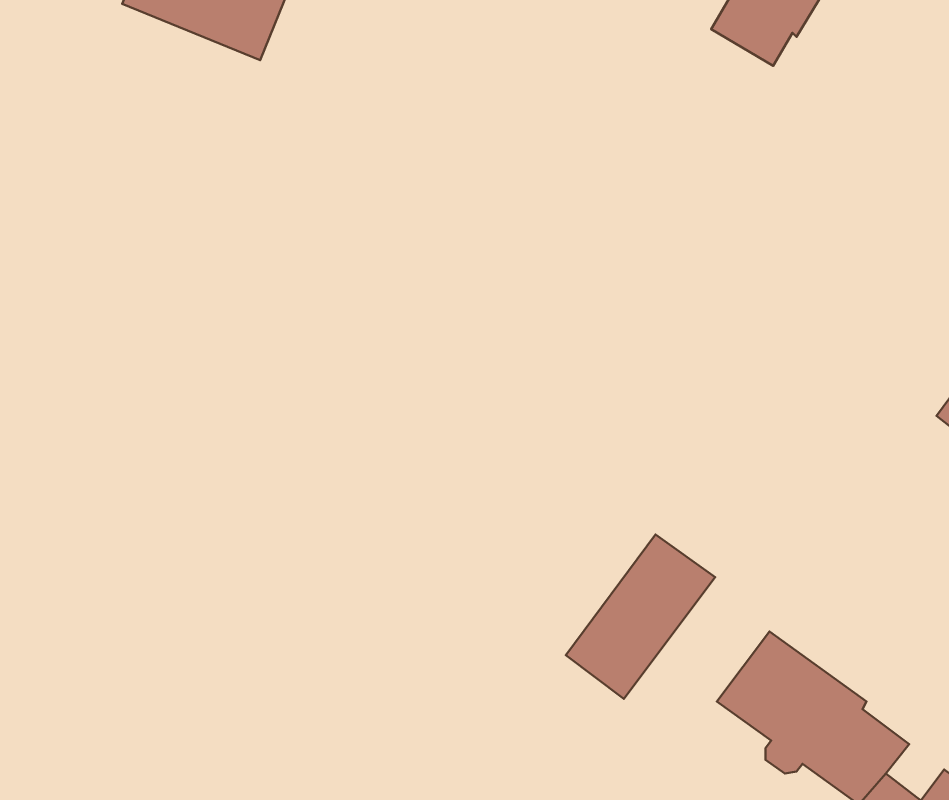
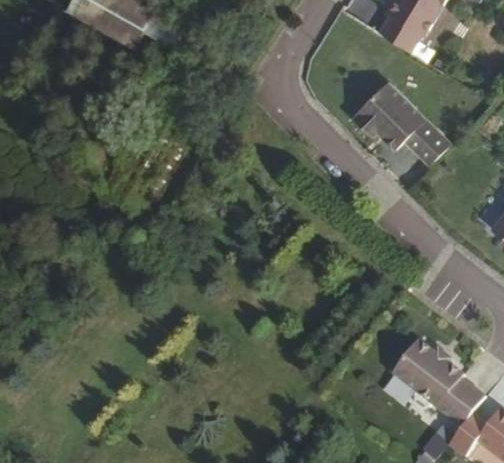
building: none -> [353,81,452,165]
building: [566,534,715,699] -> none

